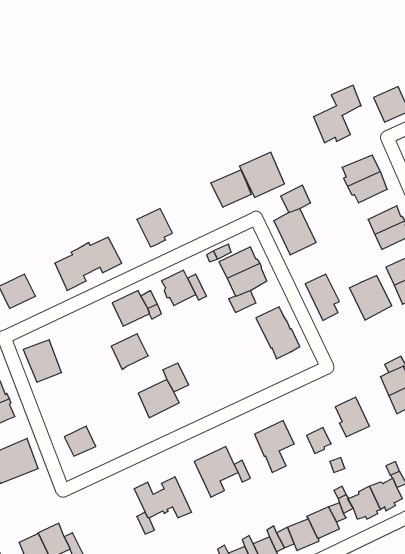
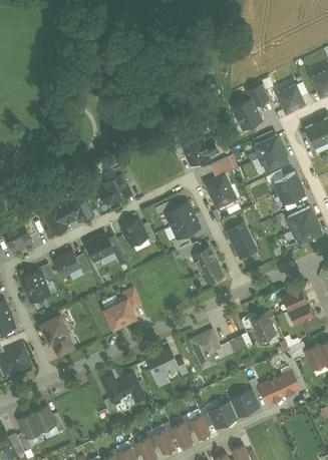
building: [211,170,251,207] -> none
building: [349,275,392,320] -> none
building: [111,334,148,369] -> [53,251,80,277]
building: none -> [41,315,69,343]

